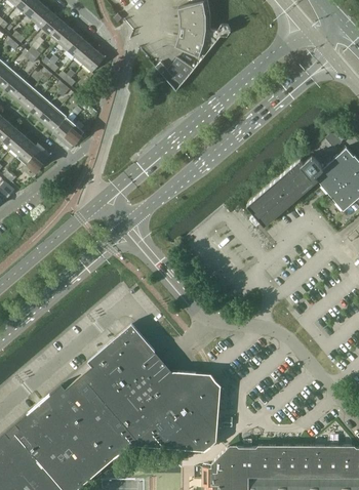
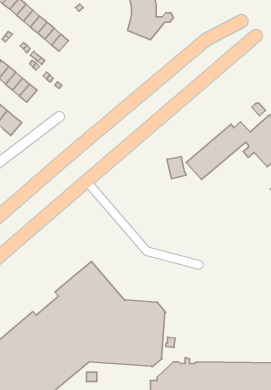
building: [156,57,194,92] -> none
building: [54,118,84,148] -> none
building: none -> [167,156,186,179]

